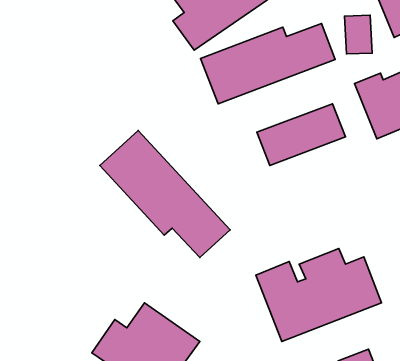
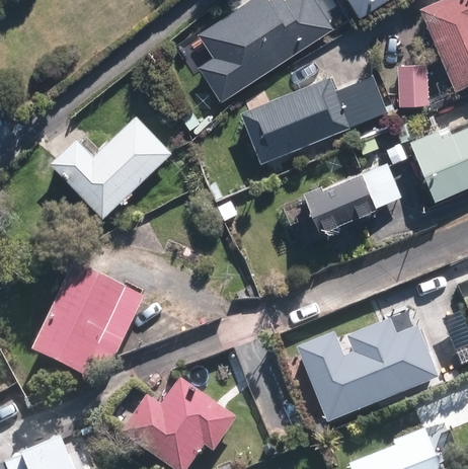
building: none -> [48,113,169,215]
building: [100,131,230,258] -> none
building: none -> [28,263,143,386]

